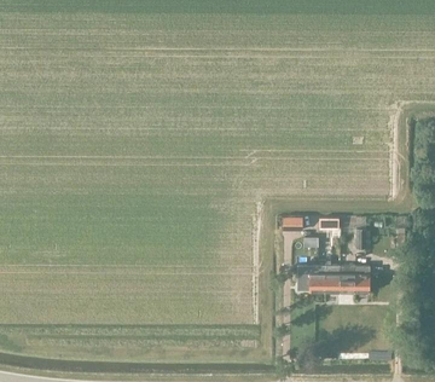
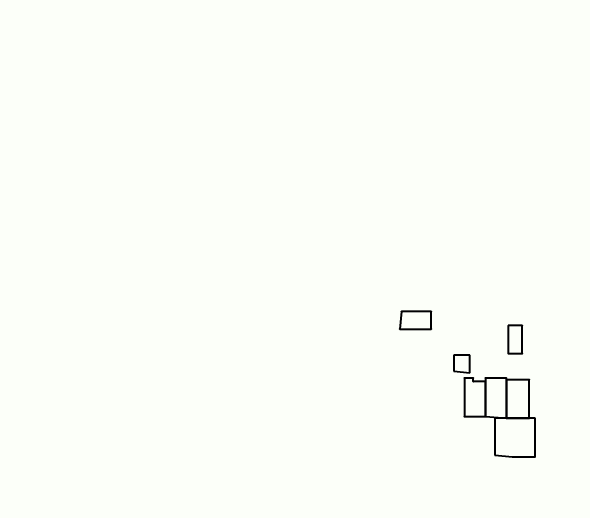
building: [298,265,326,291] -> [495,418,535,457]

